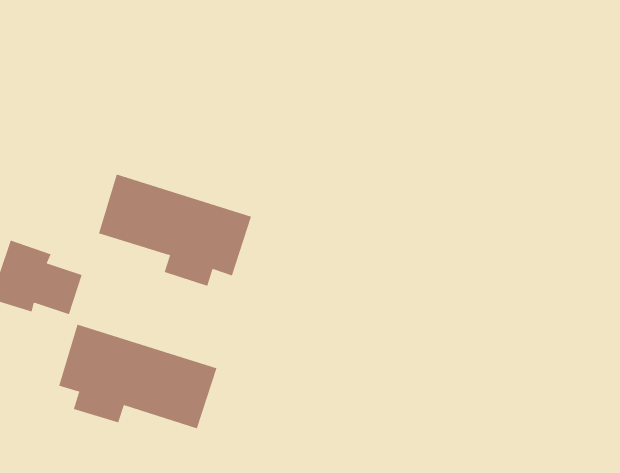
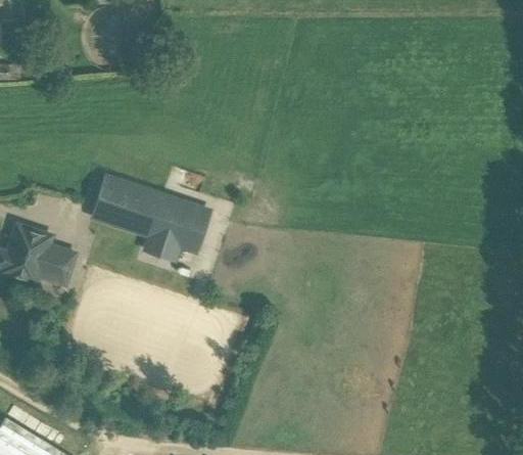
building: [58,324,217,429] -> none

